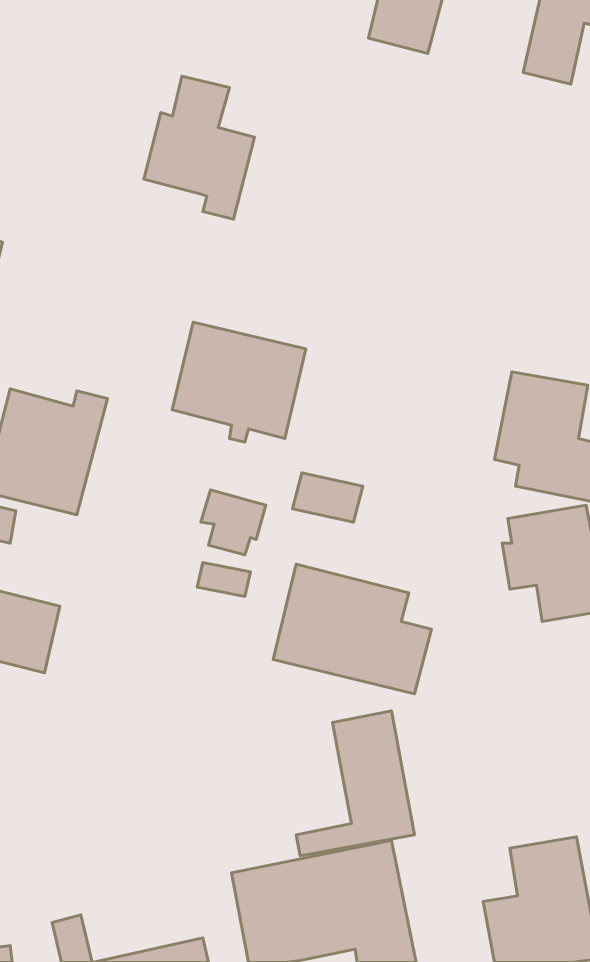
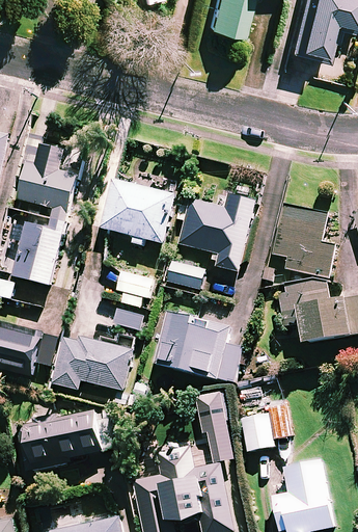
building: [144,76,254,219] -> [17,142,77,220]
building: none -> [175,193,255,271]
building: none -> [52,330,133,390]
building: none -> [20,409,103,470]
building: none -> [241,409,273,449]

